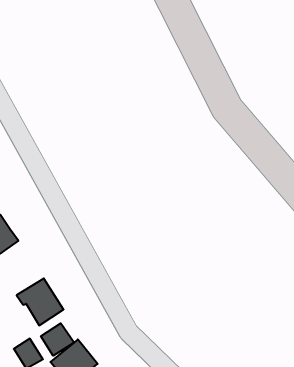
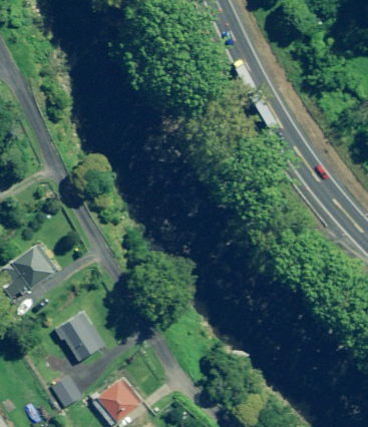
building: [41,323,74,356] -> none

